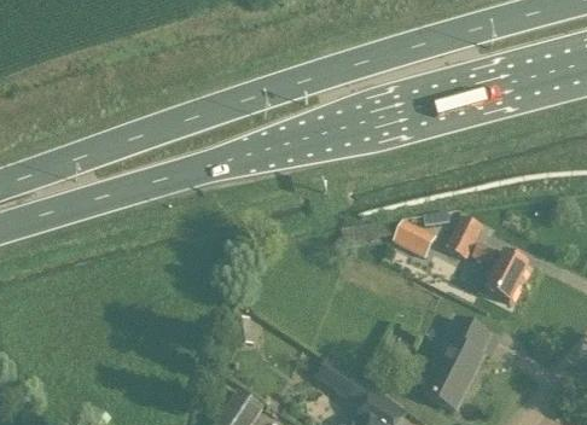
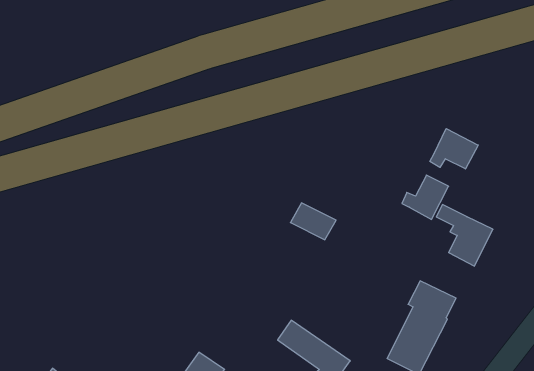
building: none -> [430,129,478,169]
building: [393,220,437,256] -> [290,203,336,240]

